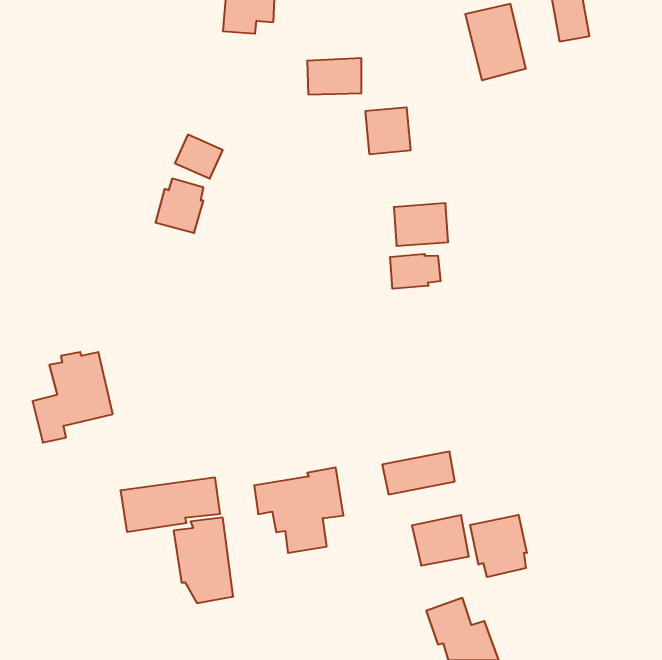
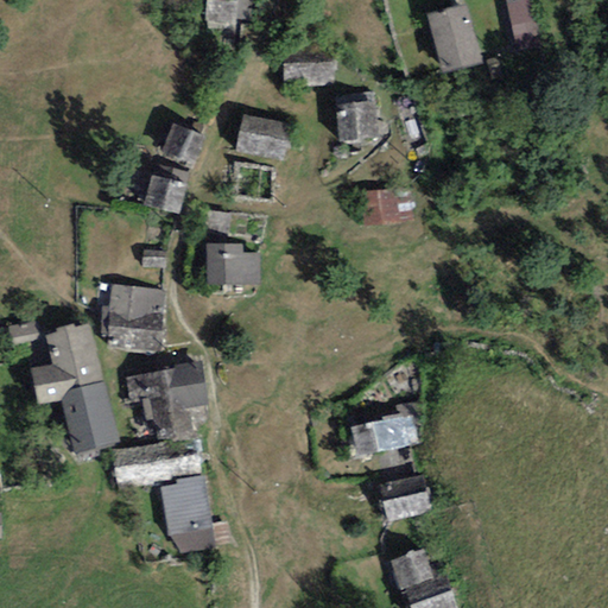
building: none -> [235,114,292,160]
building: [390,254,440,289] -> none
building: none -> [205,245,260,284]
building: none -> [100,284,164,353]
building: none -> [58,380,119,454]
building: [254,468,344,553] -> [126,360,208,438]
building: [470,515,527,577] -> none

